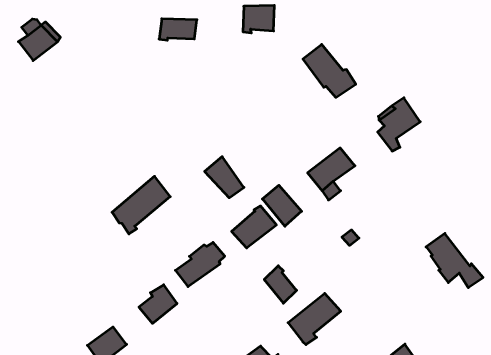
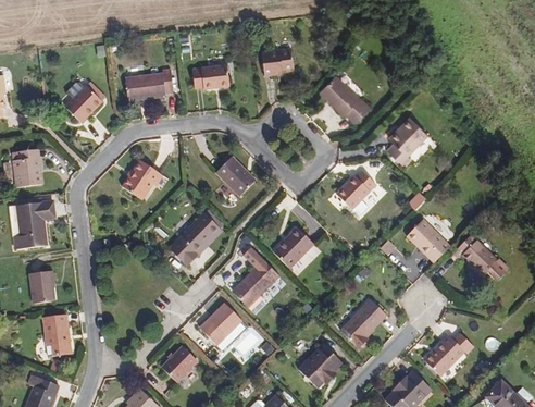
building: none -> [128,71,176,100]
building: none -> [123,163,158,199]
building: [205,157,244,198] -> [217,155,254,190]
building: [262,185,302,226] -> none
building: none -> [405,214,447,257]
building: [264,266,297,303] -> none

